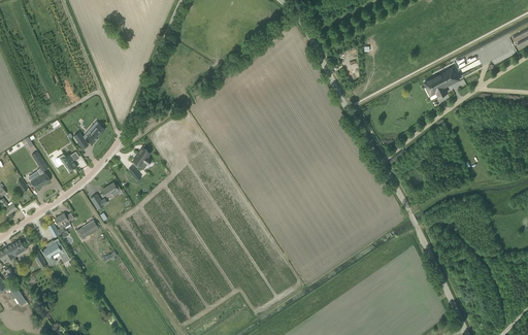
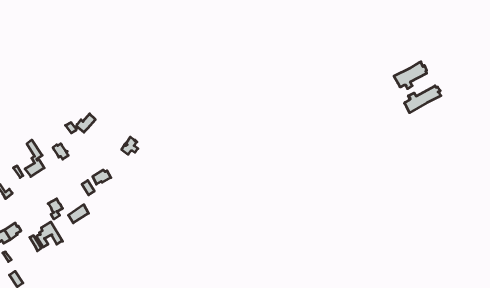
building: none -> [404,86,441,113]

